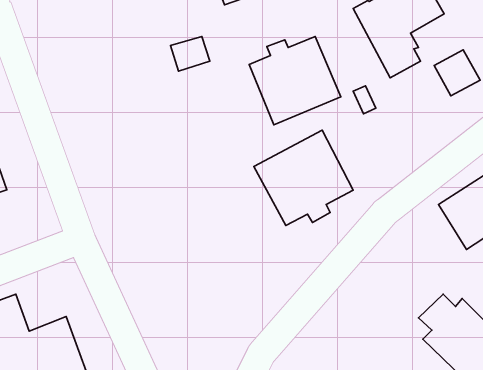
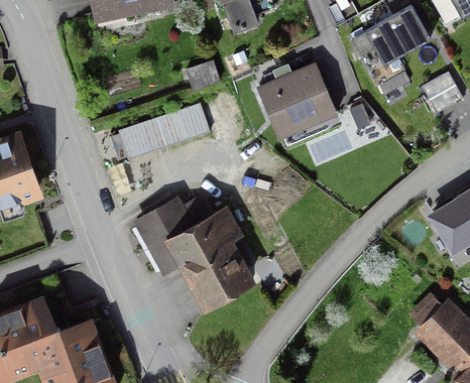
building: none -> [118,104,211,162]
building: [254,130,353,226] -> none
building: none -> [133,196,257,310]

